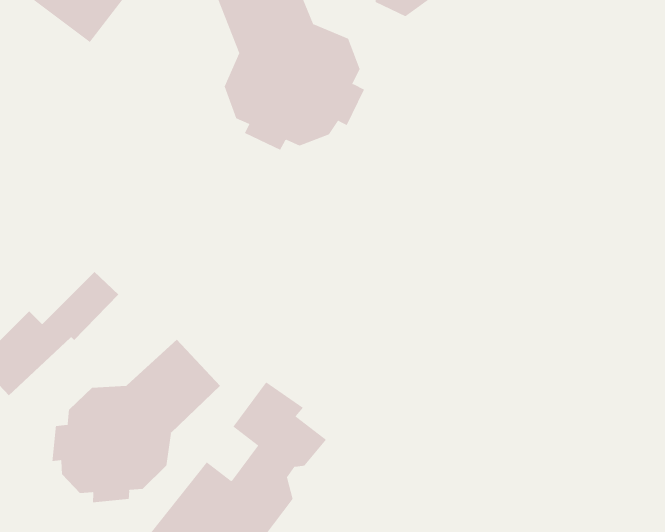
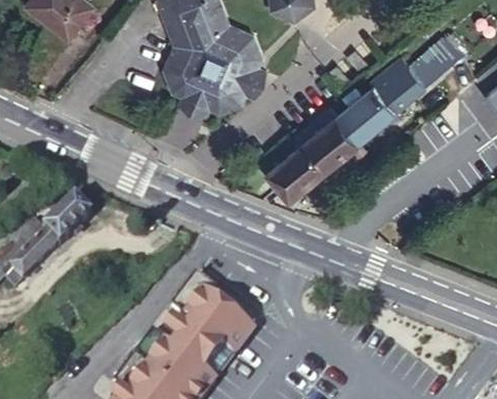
building: none -> [270,40,463,201]
building: [52,339,221,503] -> none

